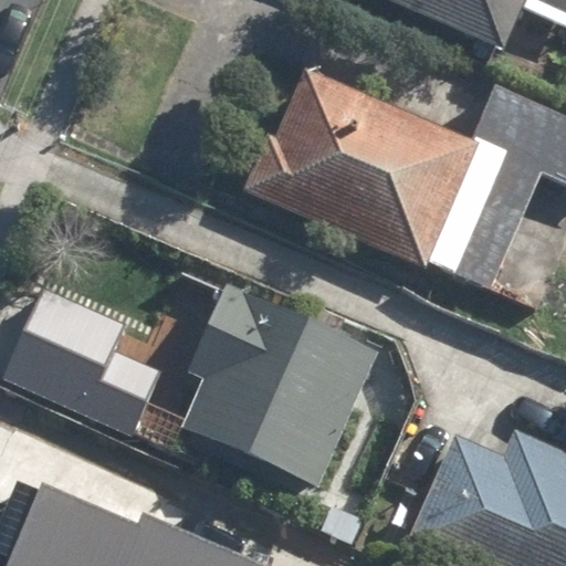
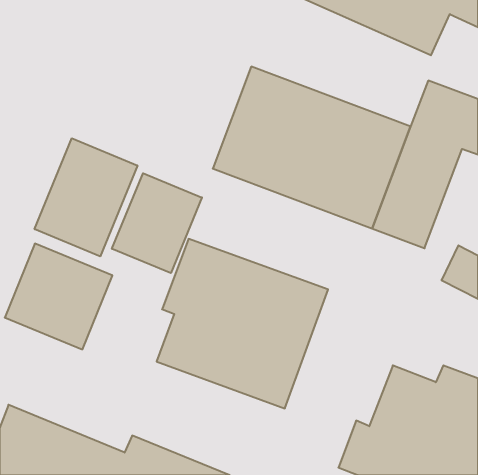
building: none -> [35,138,137,256]
building: none -> [112,173,202,273]

